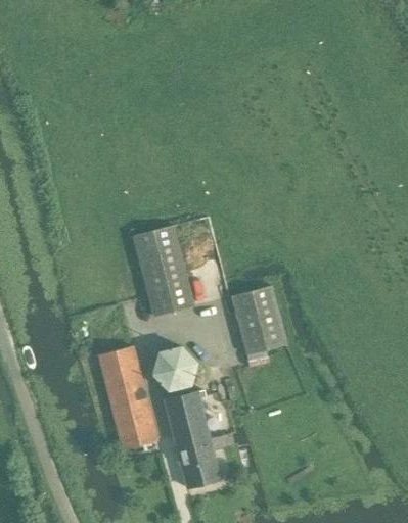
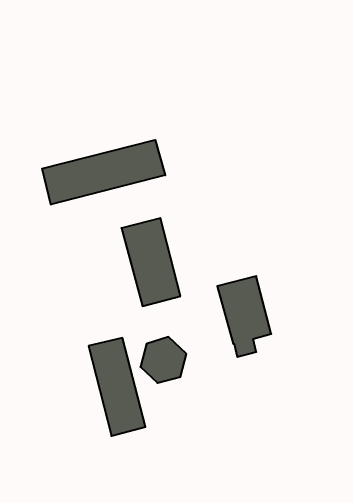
building: none -> [42,140,165,205]
building: [164,389,233,486] -> none

